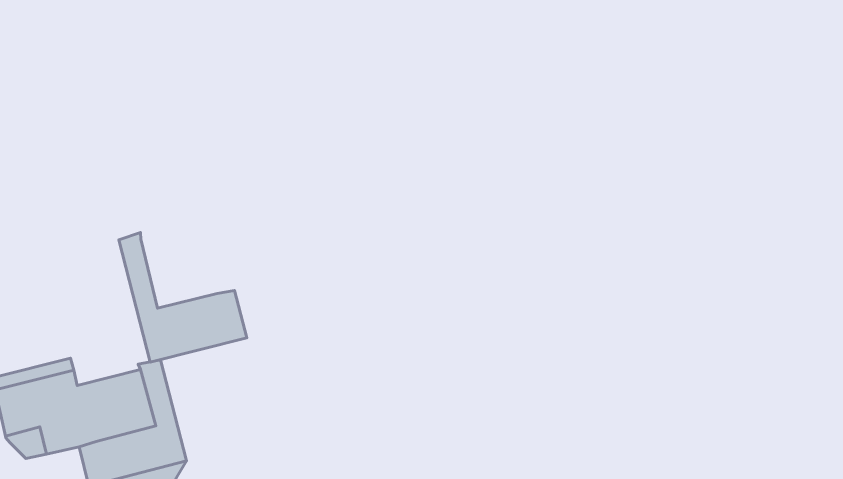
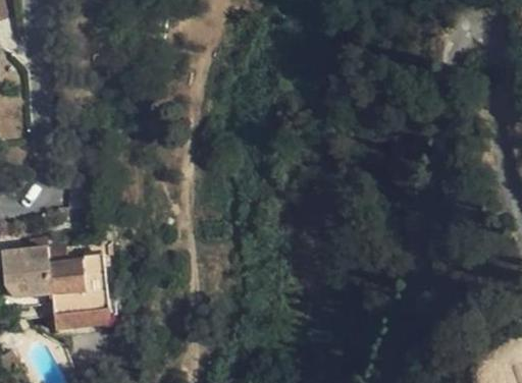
building: [119,233,247,362] -> none

